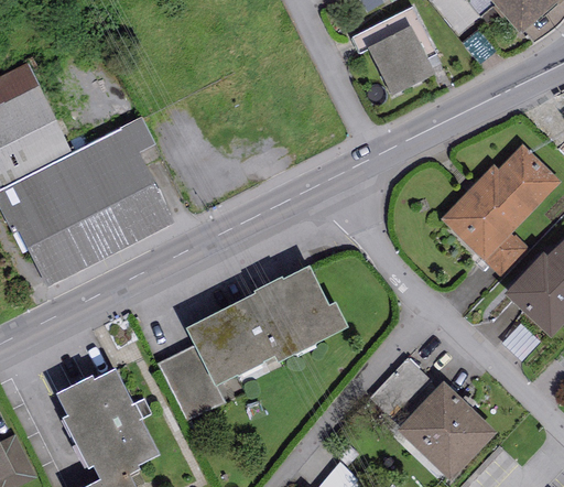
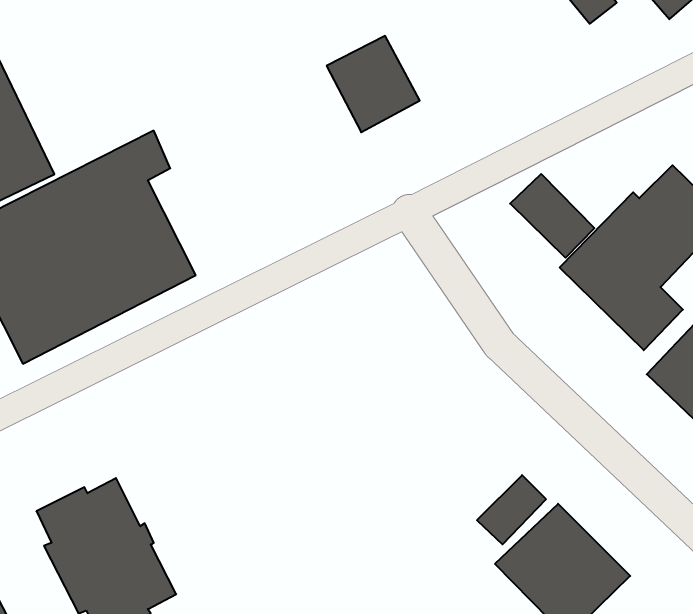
building: [367,24,435,95] -> [327,36,420,132]
building: none -> [510,174,594,258]
building: [158,267,348,418] -> none

